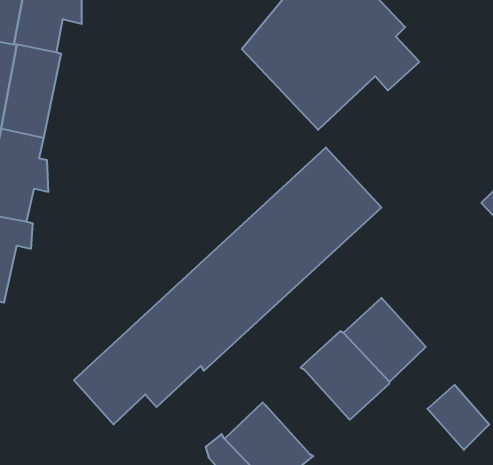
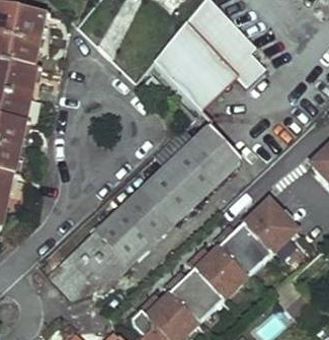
building: none -> [242,193,302,253]
building: none -> [170,266,223,321]

